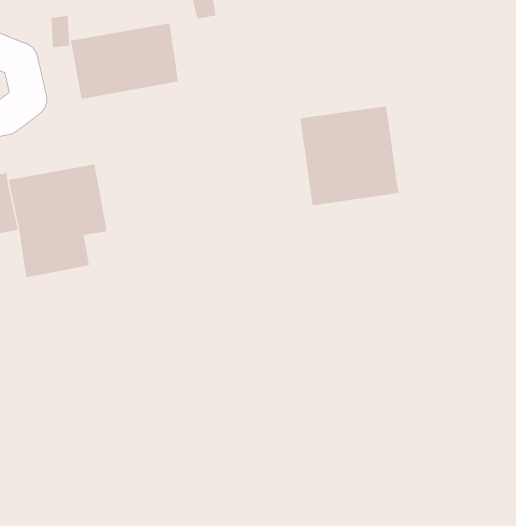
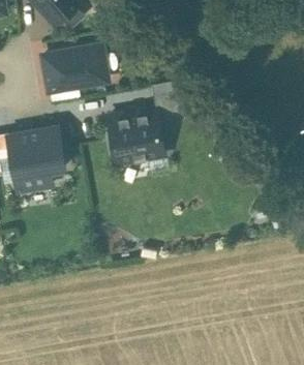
building: [299,106,399,206] -> [108,107,165,164]

